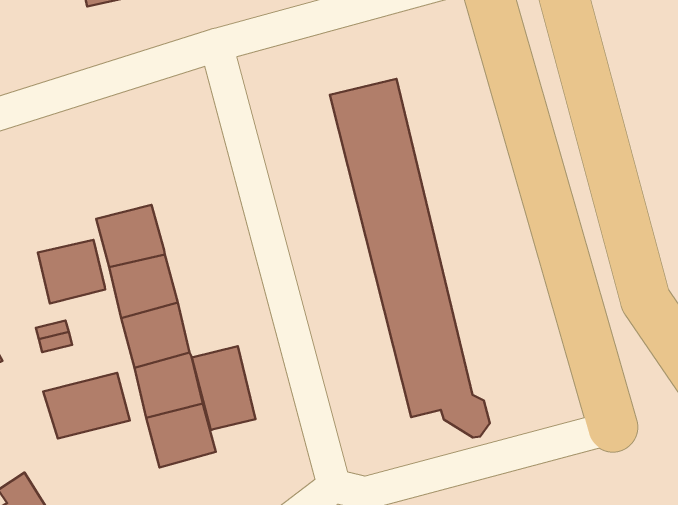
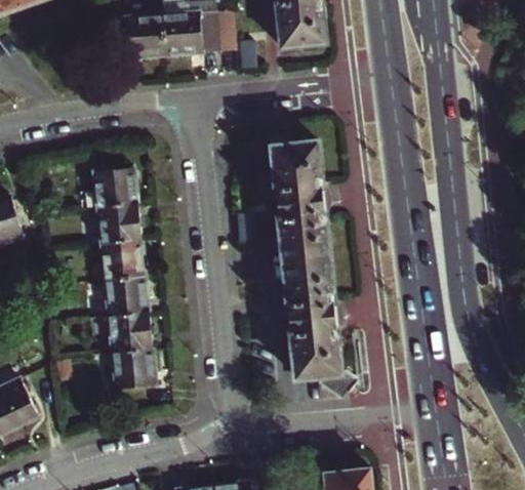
building: [38,240,105,304] -> [93,168,136,208]
building: [192,346,255,430] -> none
building: [43,373,130,438] -> none

